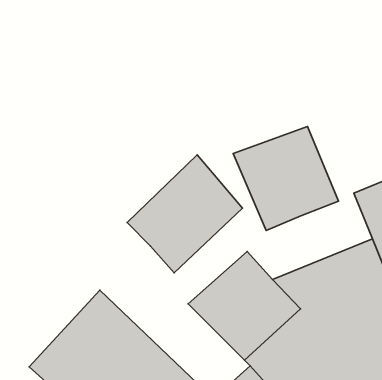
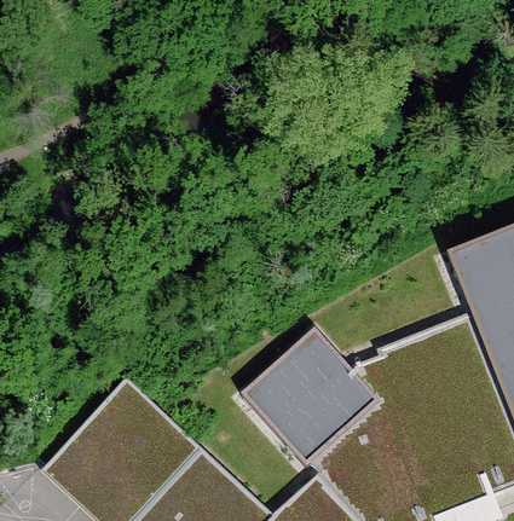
building: [233,127,338,230] -> none
building: [127,155,243,273] -> none

